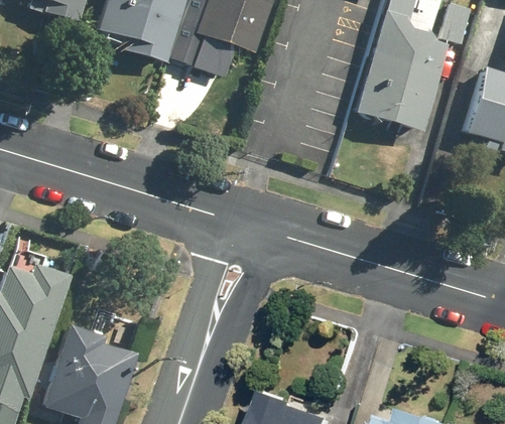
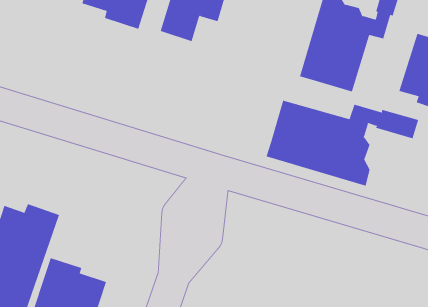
building: none -> [266,100,419,187]

